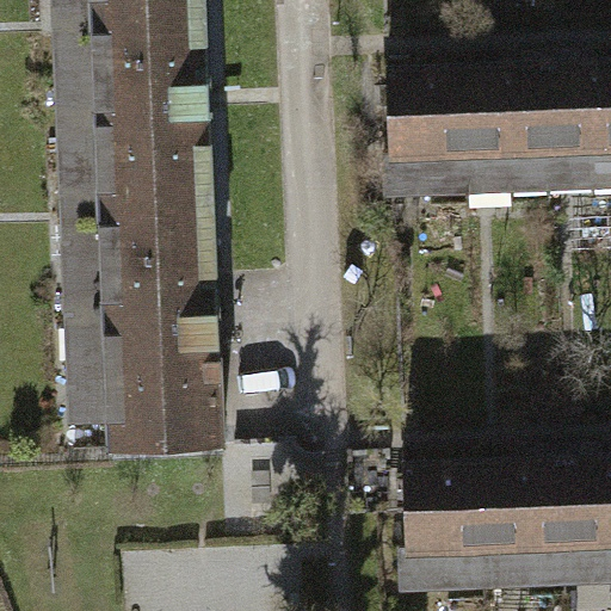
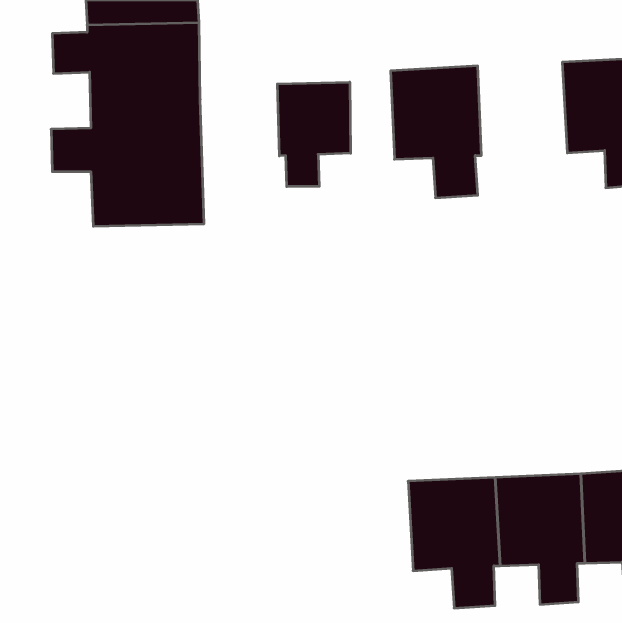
building: [471,72,557,197] -> none
building: none -> [277,82,351,187]
building: [67,227,215,456] -> none

